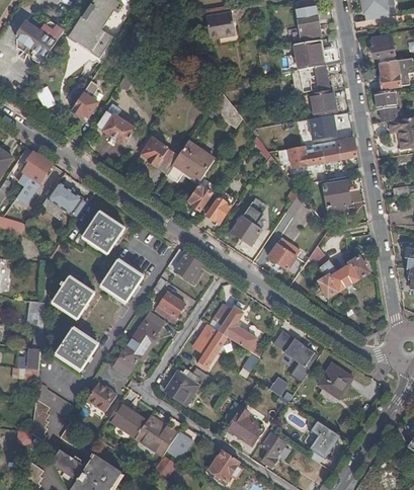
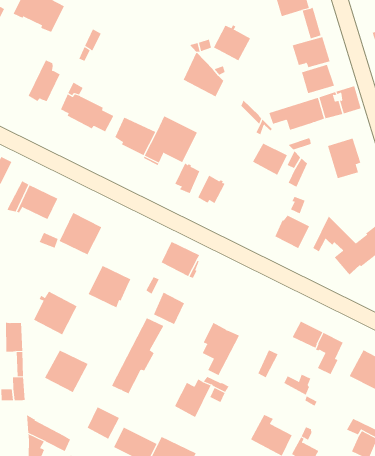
building: none -> [213,25,251,61]
building: [231,216,262,245] -> [252,143,288,175]
building: [213,302,255,350] -> none

